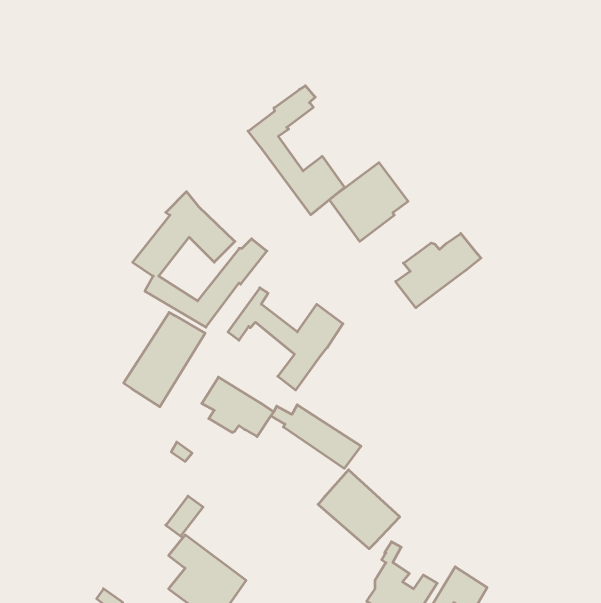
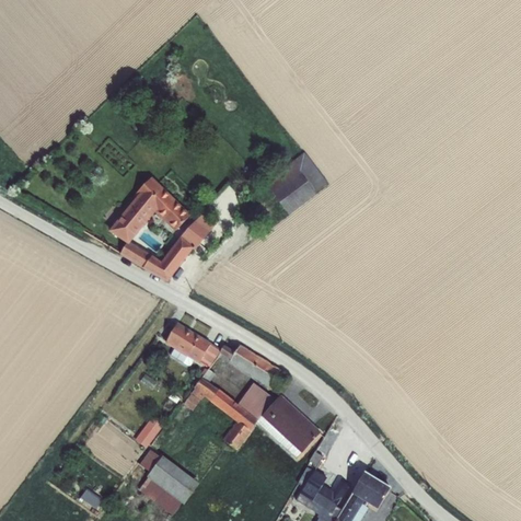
building: [248,86,345,215] -> none
building: [396,233,481,308] -> none
building: [228,288,343,390] -> [183,368,274,449]
building: [124,312,205,407] -> none

